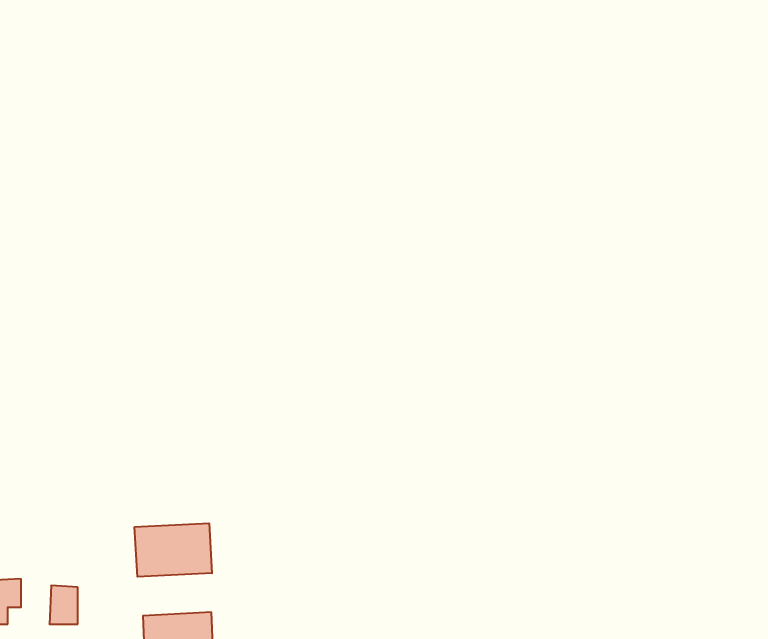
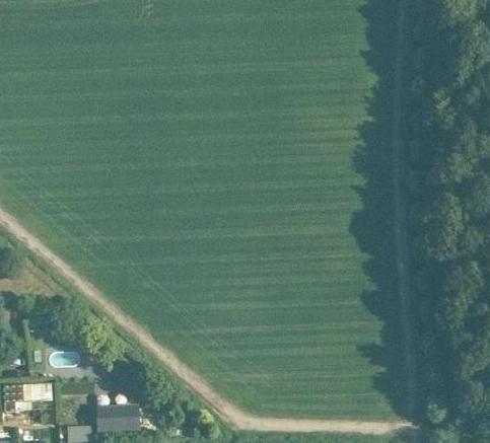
building: [135,523,212,577] -> none

